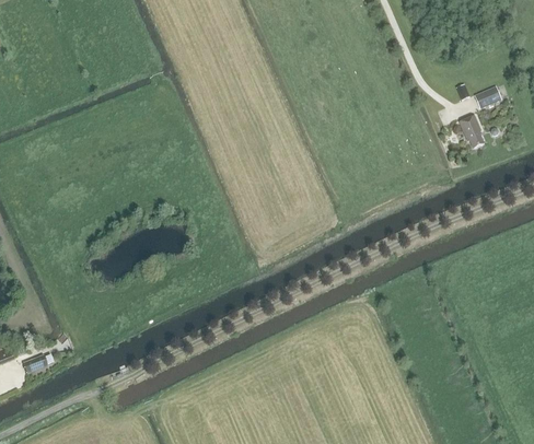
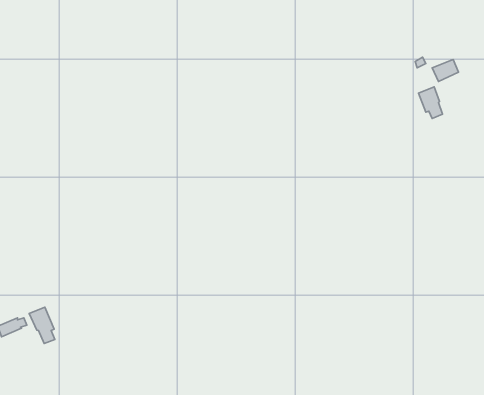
building: none -> [29,307,55,344]

